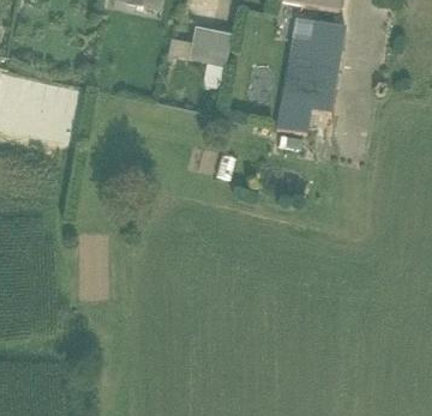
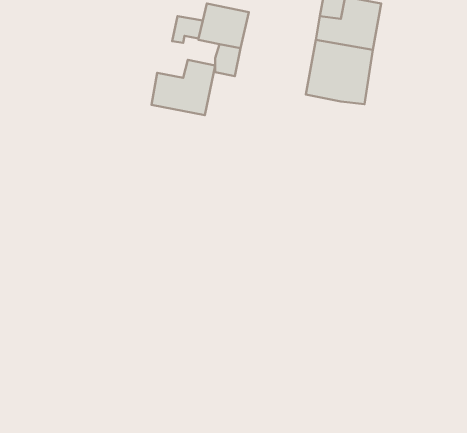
building: none -> [151,60,215,115]
building: [276,102,311,131] -> none

